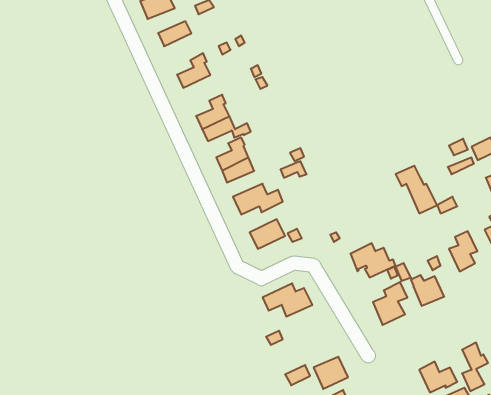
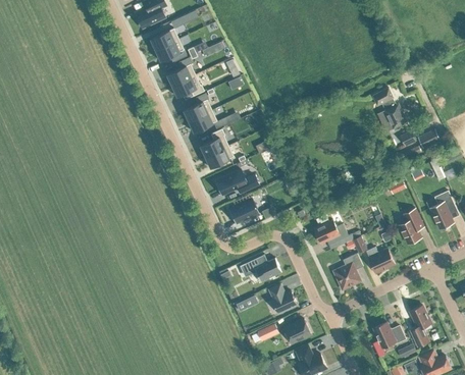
building: none -> [155,39,186,62]
building: none -> [171,74,203,96]
building: [396,166,437,213] -> [373,88,409,128]
building: none -> [269,283,298,313]

